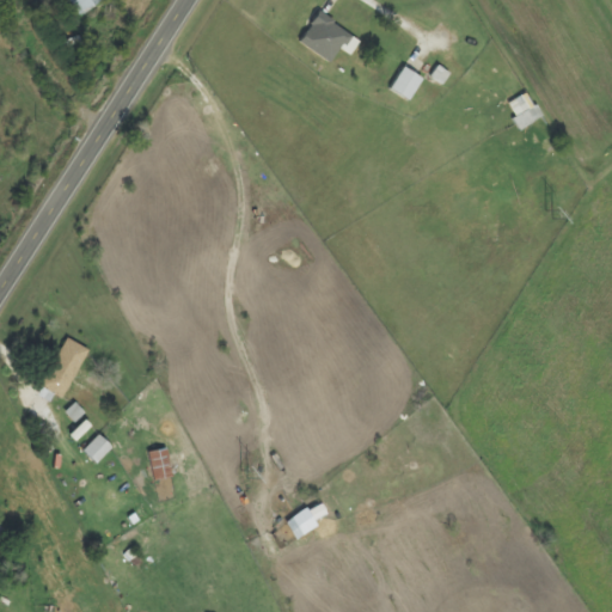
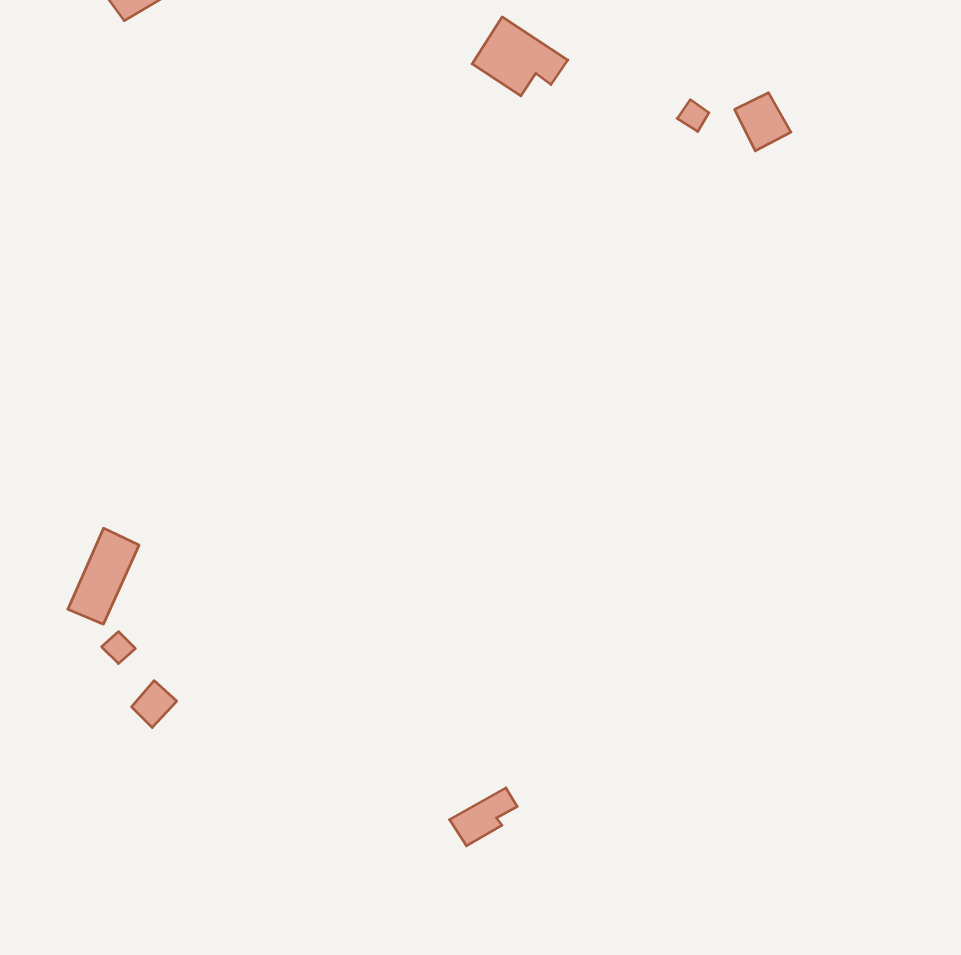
building: [390,65,423,99] -> none
building: [507,91,543,128] -> [735,93,791,151]
building: [149,447,173,479] -> none

